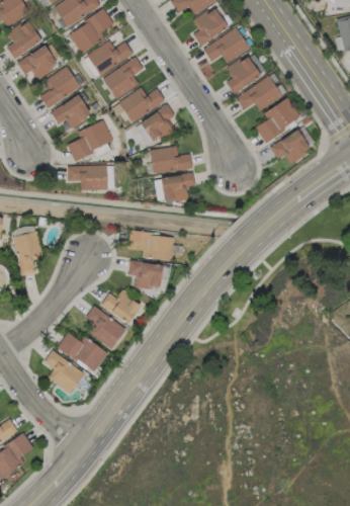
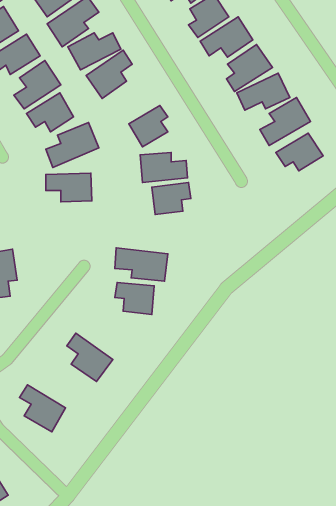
building: [118,88,165,121] -> none
building: [100,291,141,322] -> none
building: [57,332,107,372] -> none

